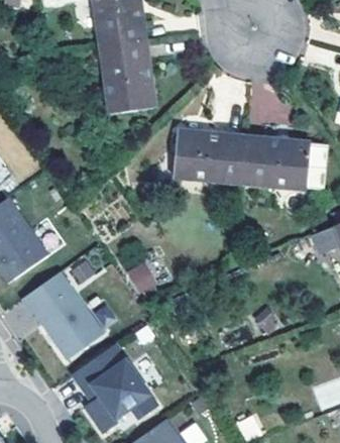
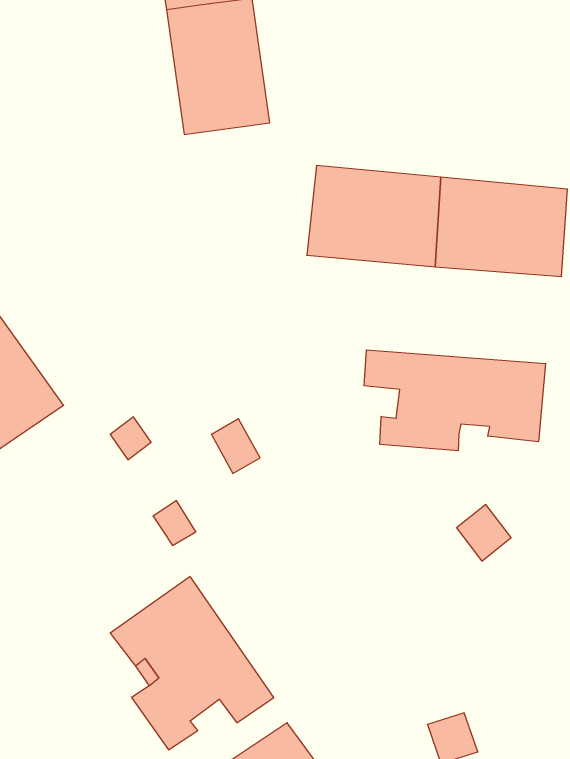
building: none -> [364,350,546,451]
building: [21,272,103,359] -> none

